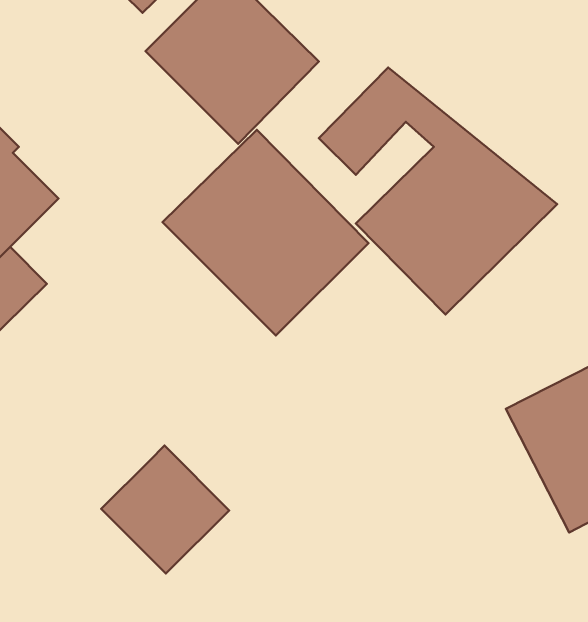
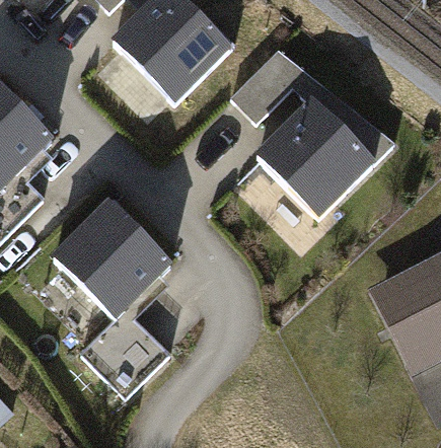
building: [163,130,368,336] -> none
building: none -> [55,200,171,320]

